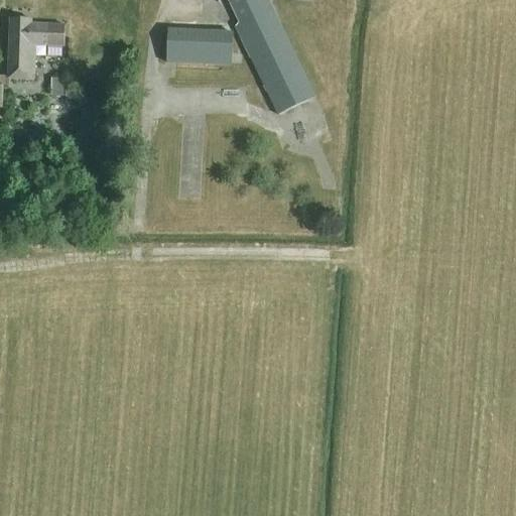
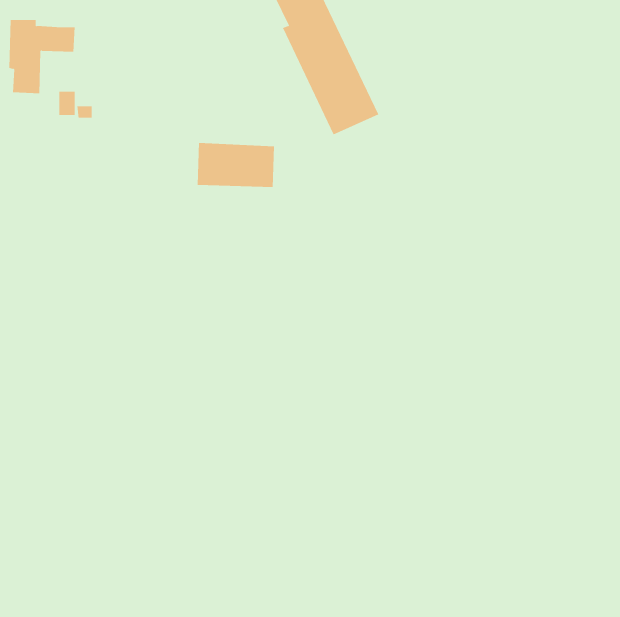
building: [167,27,232,64] -> [197,143,275,188]

